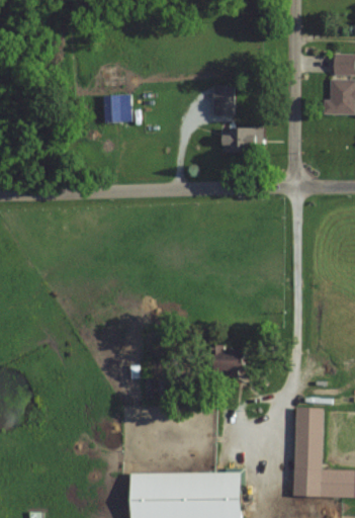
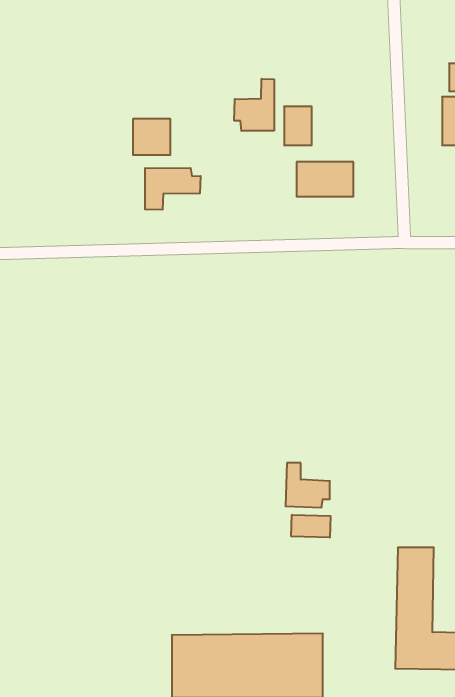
building: none -> [234,79,274,131]
building: none -> [145,168,201,210]
building: none -> [291,515,330,538]

